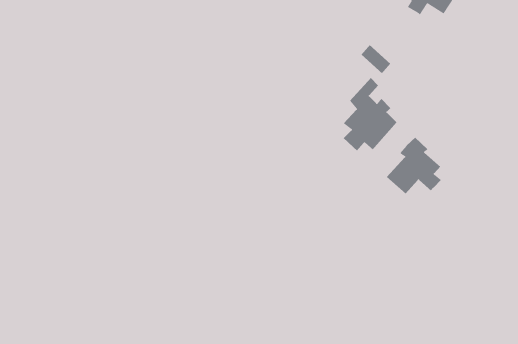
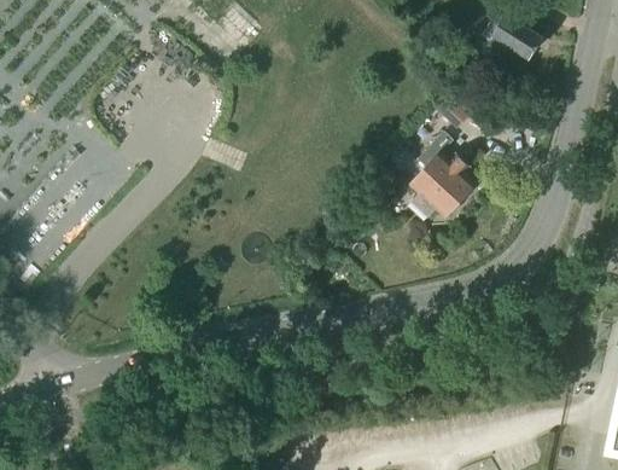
building: [386,137,442,195] -> none

